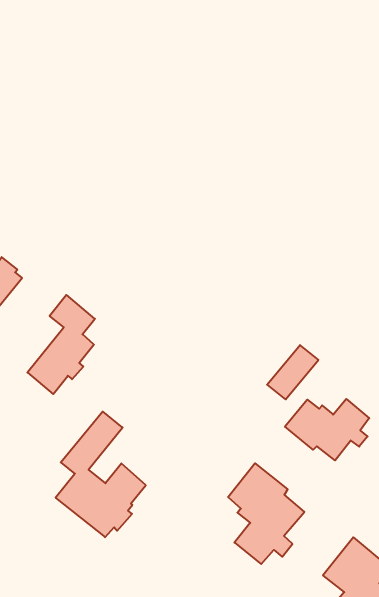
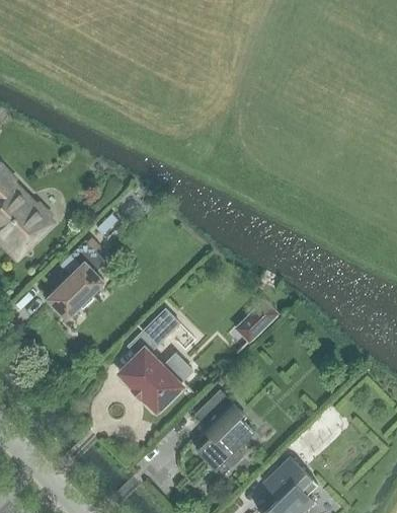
building: [285,399,369,460] -> none
building: [56,412,146,537] -> [120,310,191,410]

